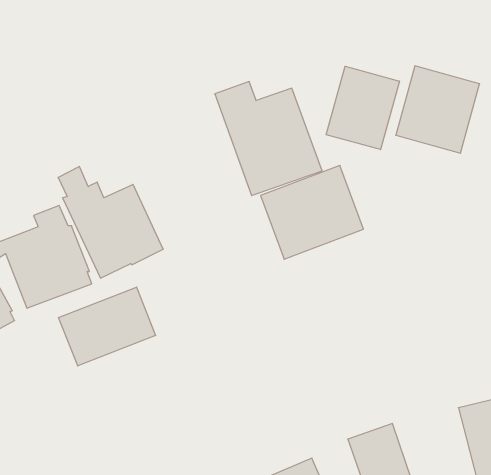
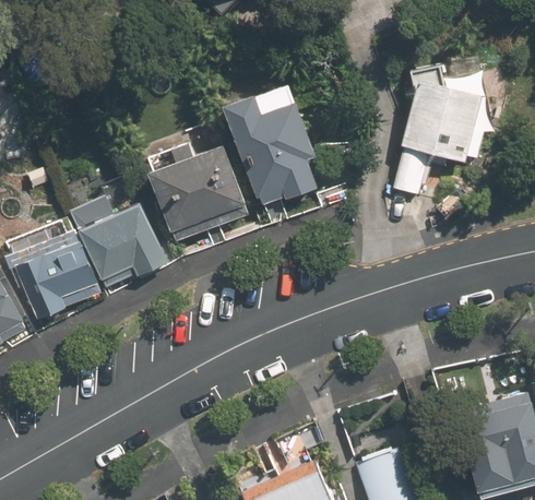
building: [326,66,399,150] -> none
building: [261,165,363,259] -> [147,143,248,235]
building: [59,287,156,366] -> none

